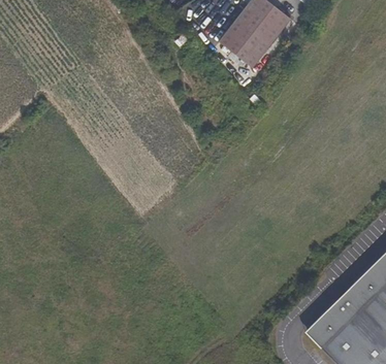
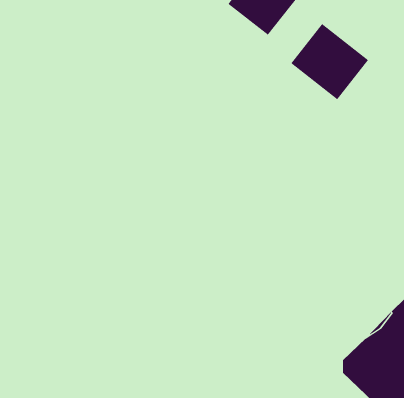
building: none -> [290,23,369,100]

